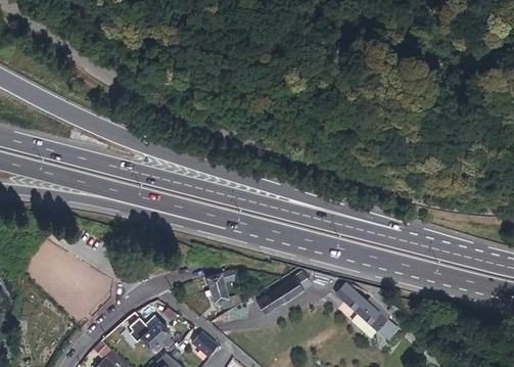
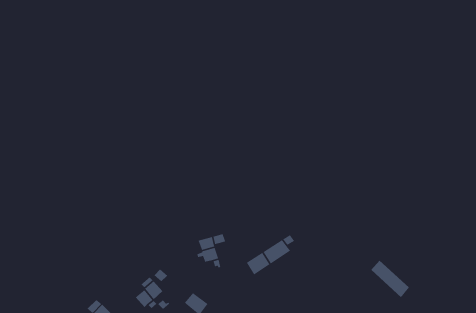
building: [345,291,386,331] -> [371,260,410,298]

